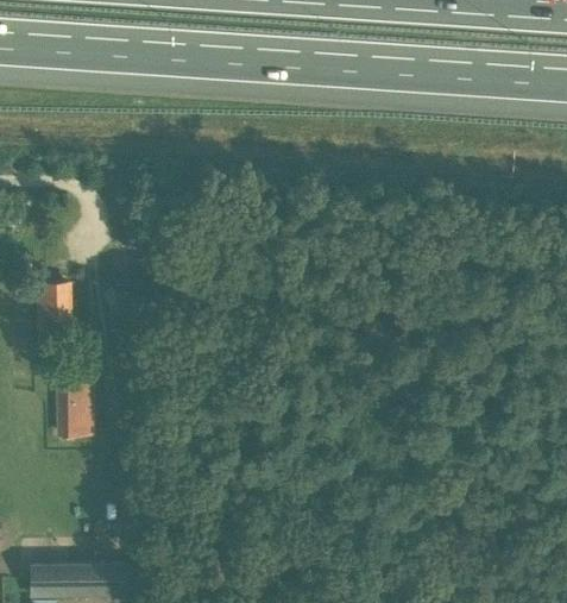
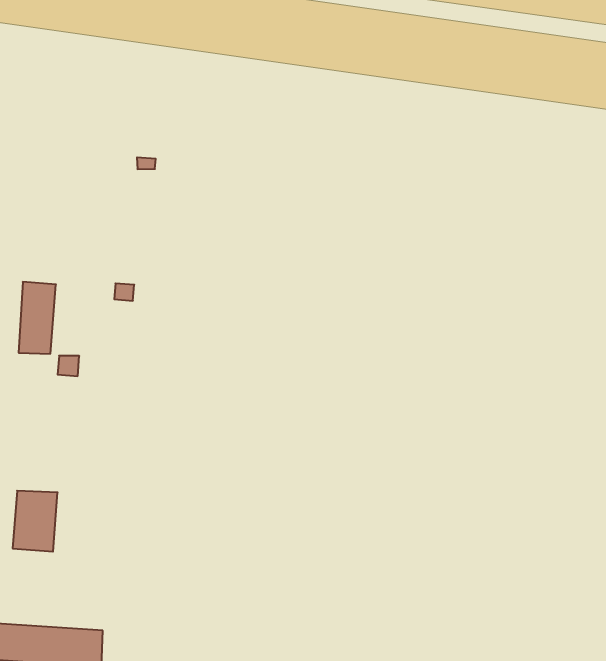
building: [59,388,93,436] -> [13,491,58,552]

